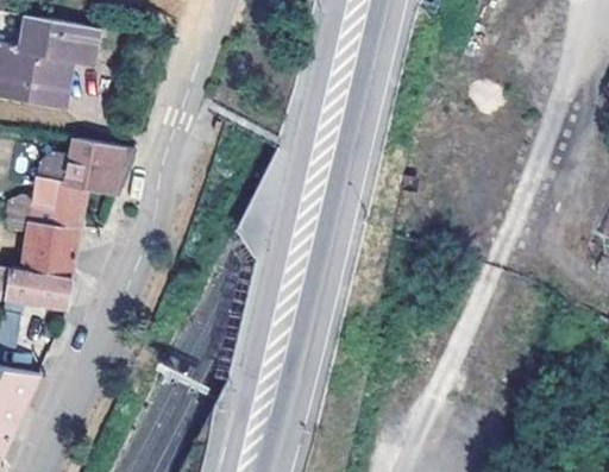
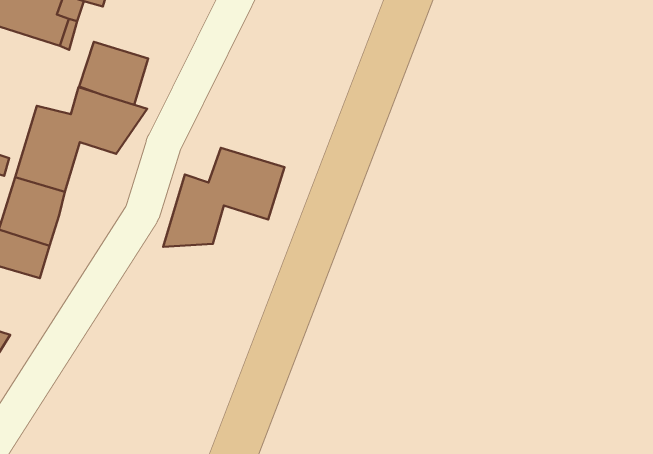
building: none -> [79,42,148,105]
building: none -> [163,148,285,247]

